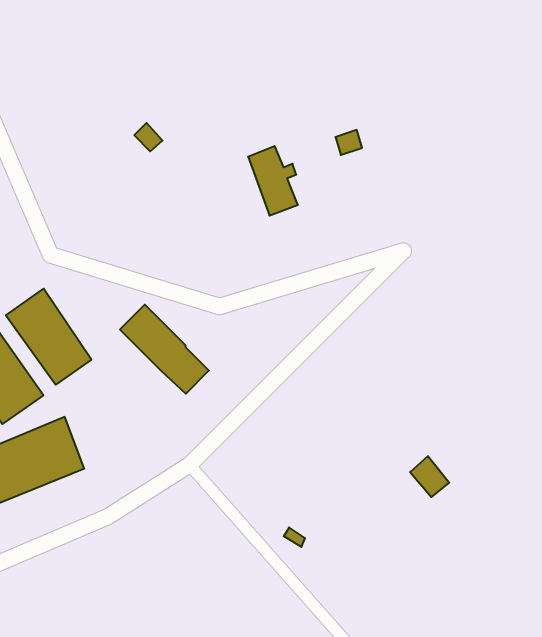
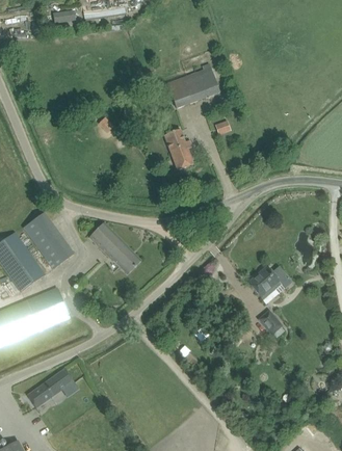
building: none -> [152,63,219,109]
building: none -> [247,266,291,298]
building: none -> [27,369,74,408]

